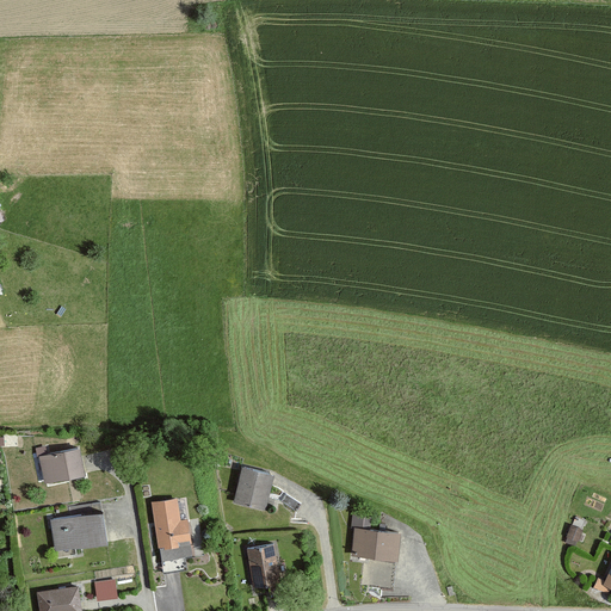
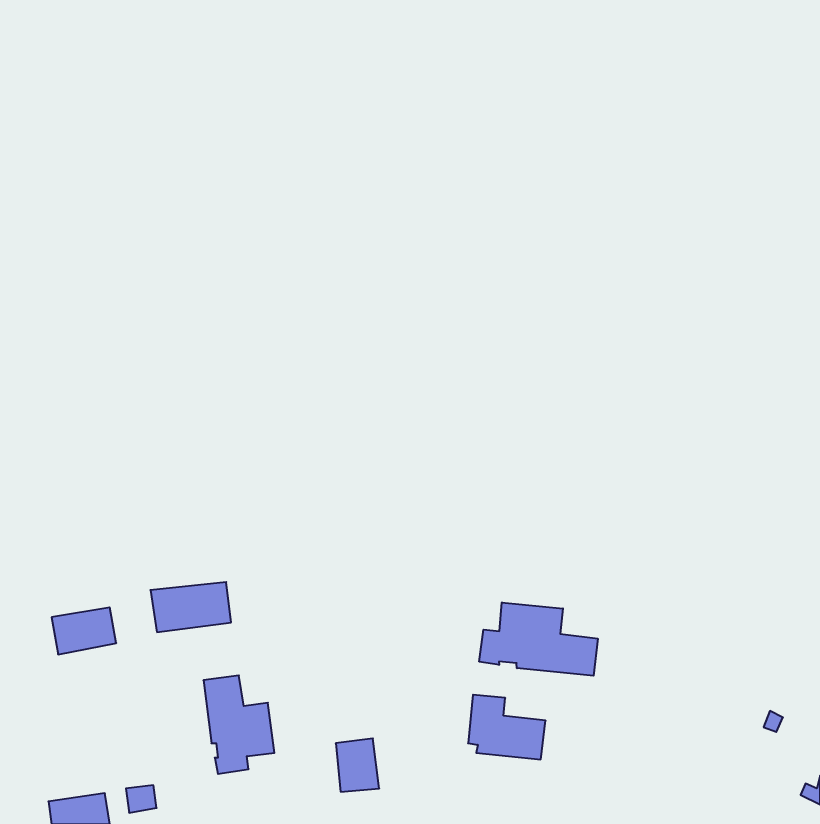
building: none -> [479,602,598,676]
building: [233,467,276,510] -> none
building: [49,514,109,551] -> [150,582,231,632]

